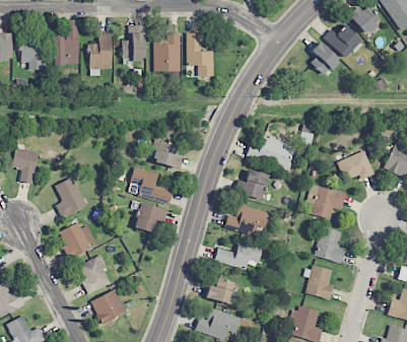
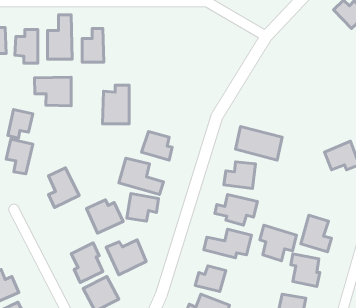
building: [323,24,361,58] -> none
building: [122,25,144,60] -> none
building: [153,31,181,71] -> [102,85,129,124]
building: [187,32,214,76] -> none
building: [310,41,339,75] -> none
building: none -> [34,77,71,106]
building: none -> [8,109,33,138]
building: [308,183,345,219] -> [260,225,296,261]
building: [59,221,96,256] -> [87,200,123,233]
building: none -> [106,240,146,275]

